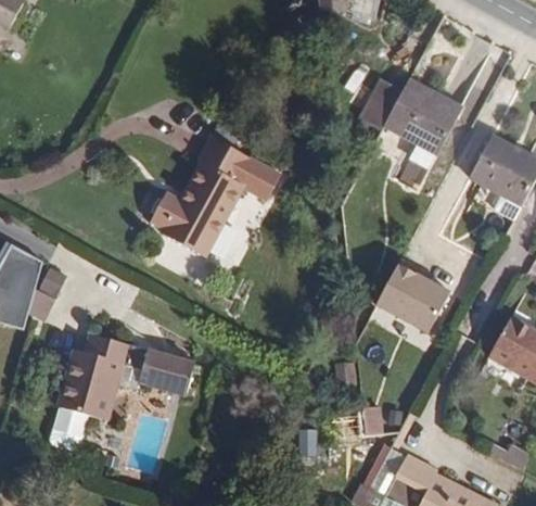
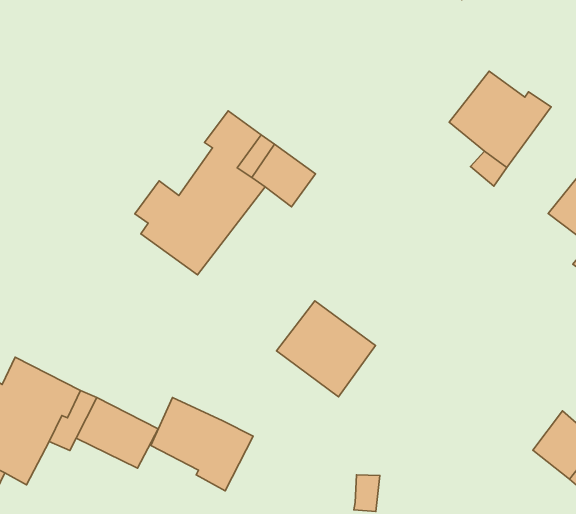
building: [362,68,408,125] -> none
building: [372,257,445,326] -> [277,301,376,397]
building: none -> [151,397,253,491]

